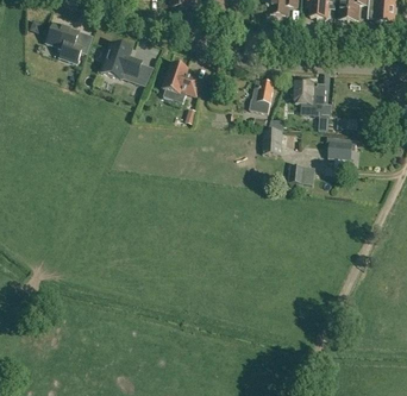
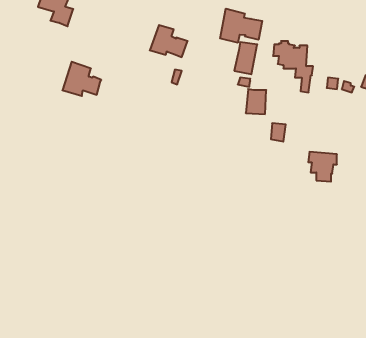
building: [101,42,142,77] -> [62,62,101,96]
building: none -> [220,9,262,43]
building: [326,137,356,168] -> [308,152,337,182]

